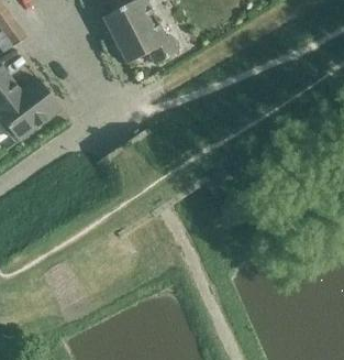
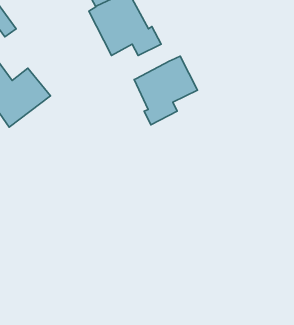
building: none -> [134,56,198,125]

